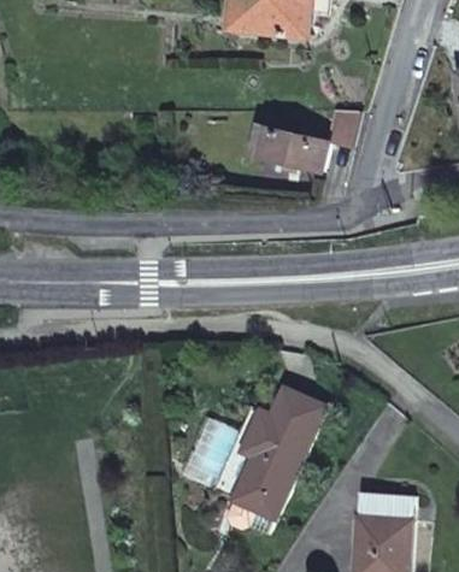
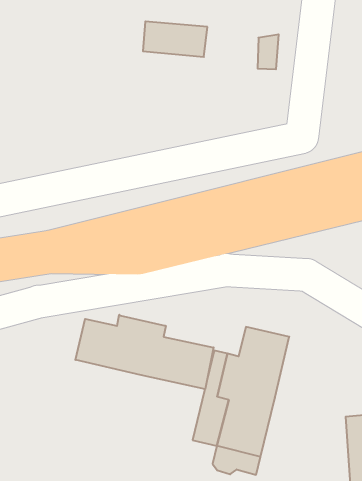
building: [261,125,329,170] -> [143,21,207,57]
building: none -> [75,315,214,389]

